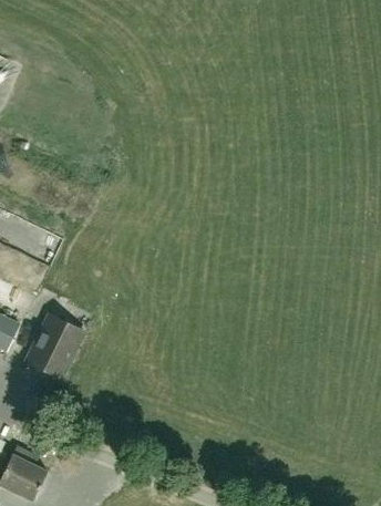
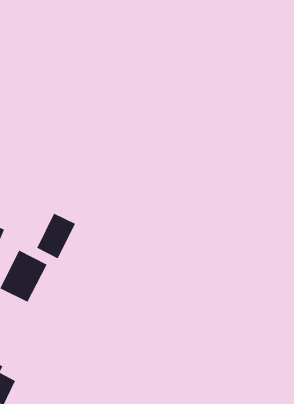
building: none -> [36,213,76,259]

